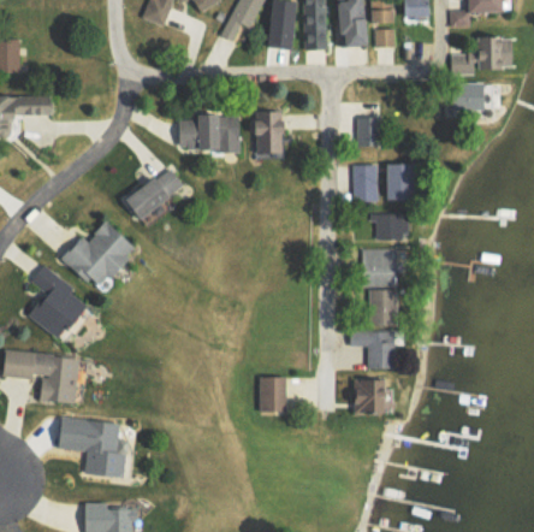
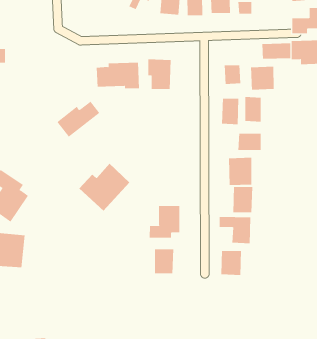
building: none -> [262,43,291,60]
building: none -> [250,66,274,90]
building: [63,220,135,289] -> [79,163,130,212]
building: none -> [149,205,180,239]
building: [58,418,129,478] -> none

